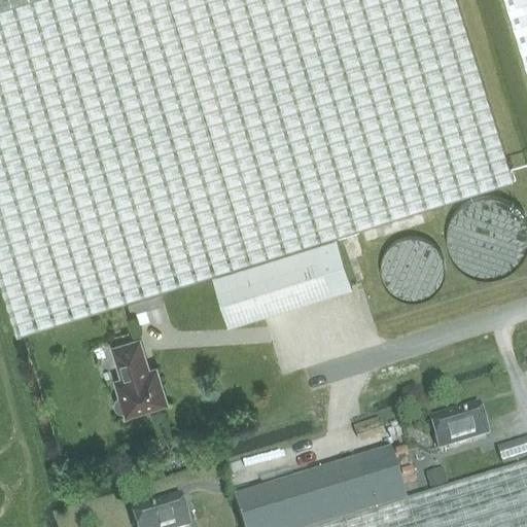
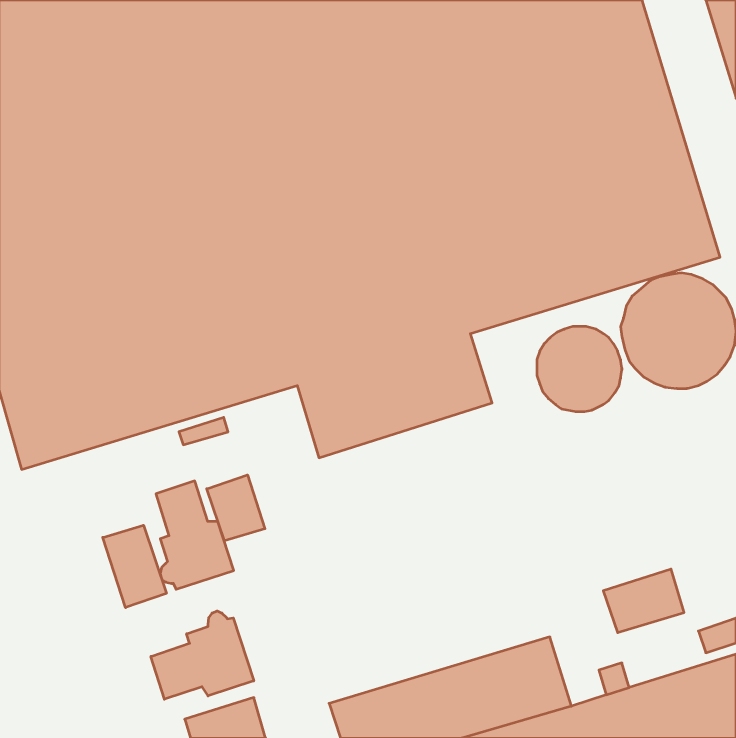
building: none -> [207,475,265,541]
building: none -> [103,525,166,608]
building: none -> [151,611,254,699]

